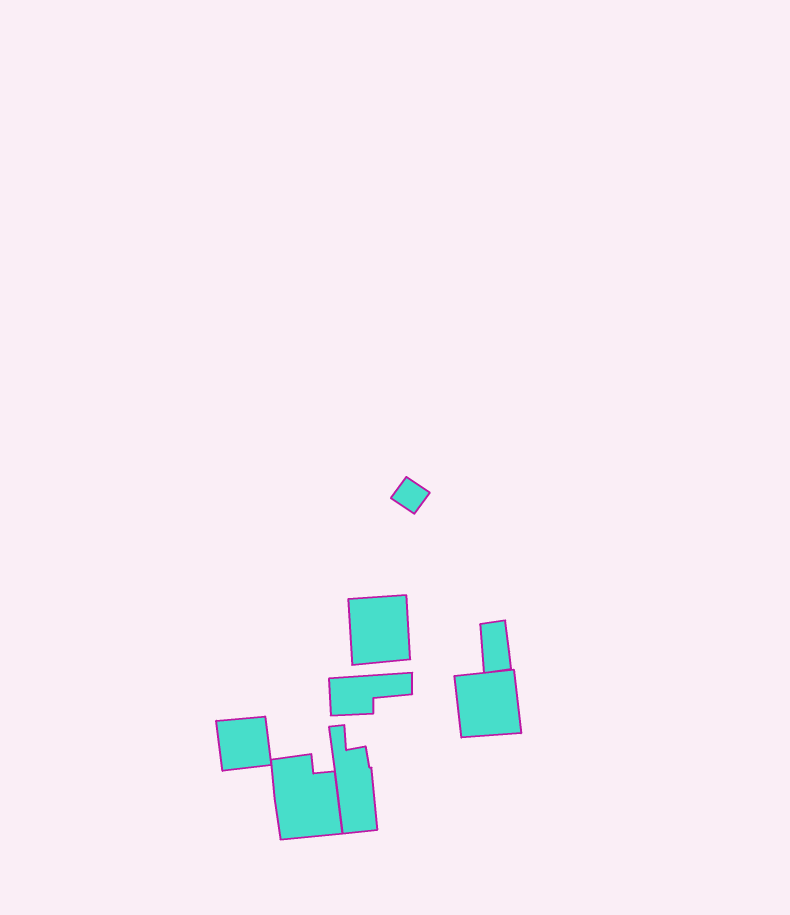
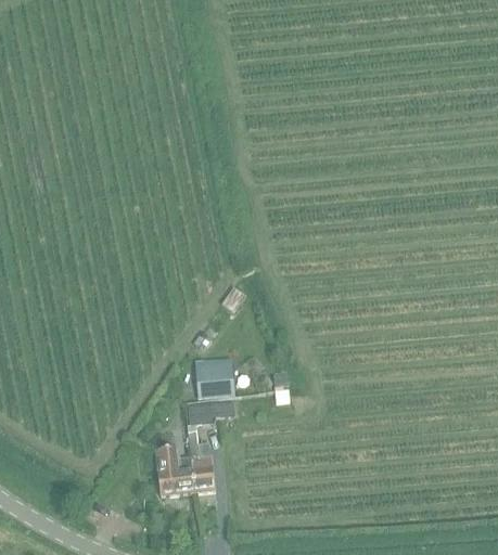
building: [454,670,521,738] -> none
building: [216,716,271,771] -> none

